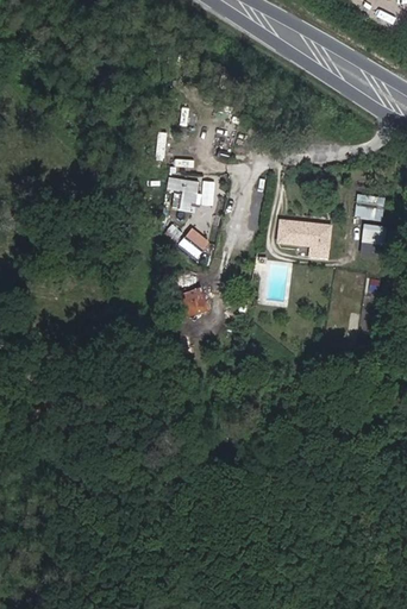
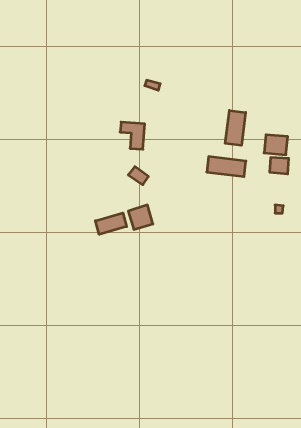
building: none -> [225,110,246,145]
building: none -> [95,213,127,234]

